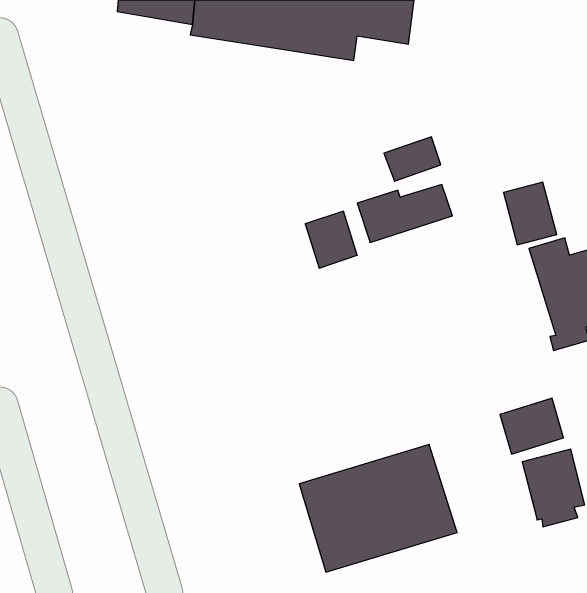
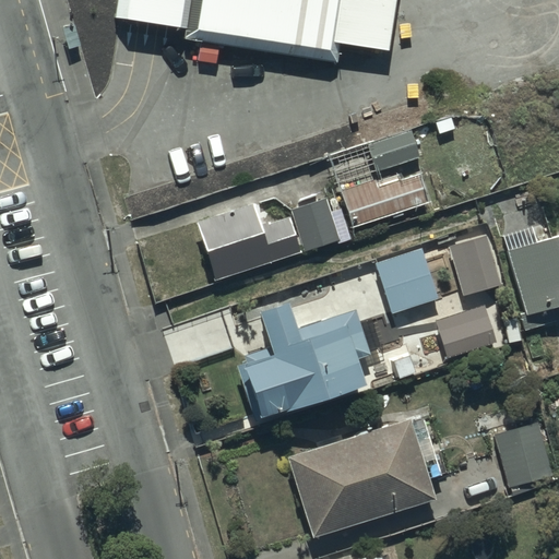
building: [503,182,557,245] -> [451,236,501,295]
building: none -> [198,204,304,281]
building: none -> [376,247,440,314]
building: none -> [236,301,384,420]
building: [500,398,564,454] -> [437,306,497,358]

